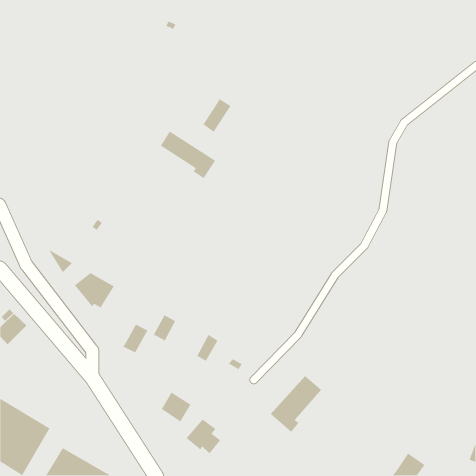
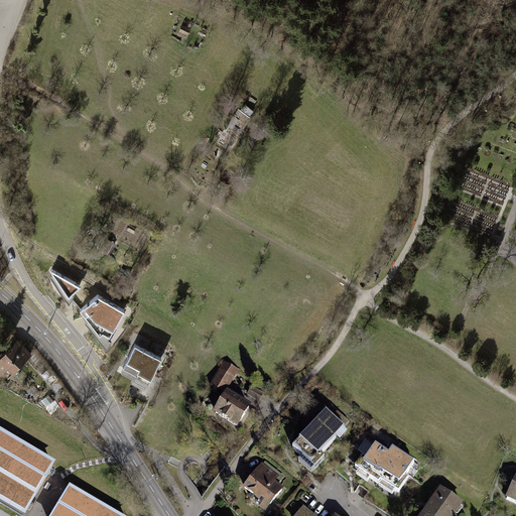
building: [160,131,216,179] -> none
building: [153,314,176,341] -> [121,342,146,371]
building: [161,392,192,422] -> [215,391,248,424]
building: none -> [362,444,408,487]
building: [186,419,221,454] -> [243,464,281,502]

